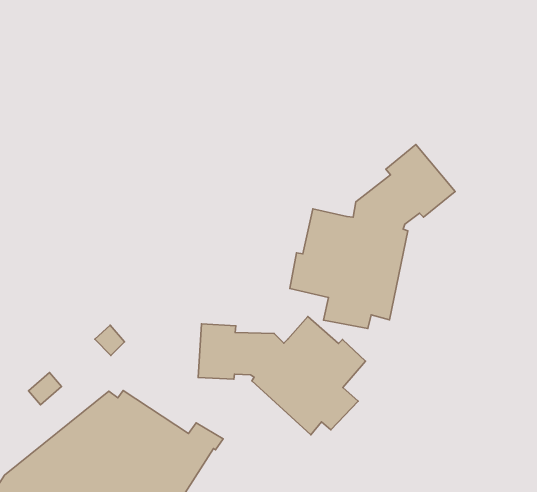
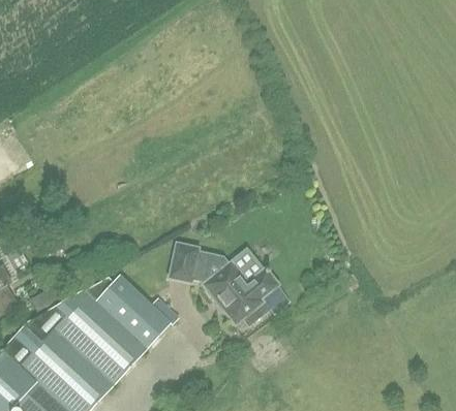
building: [290,145,455,329] -> none

